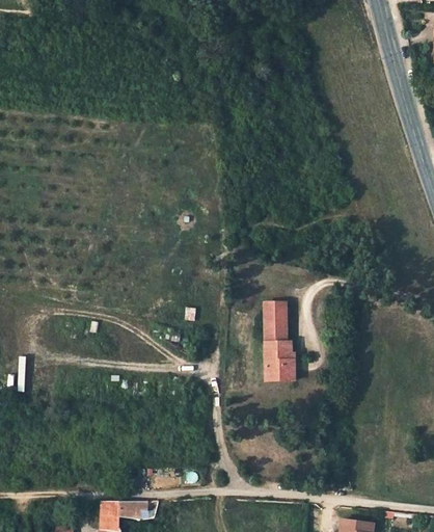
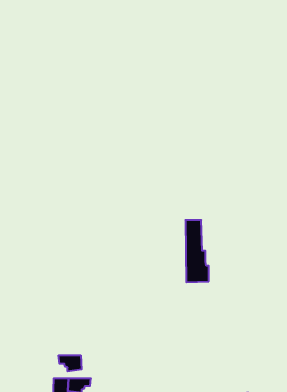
building: none -> [59,355,82,371]

